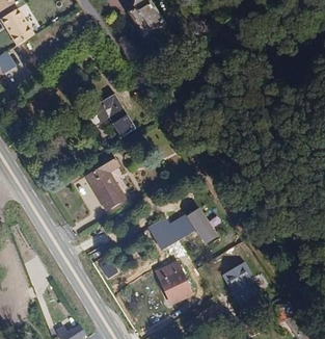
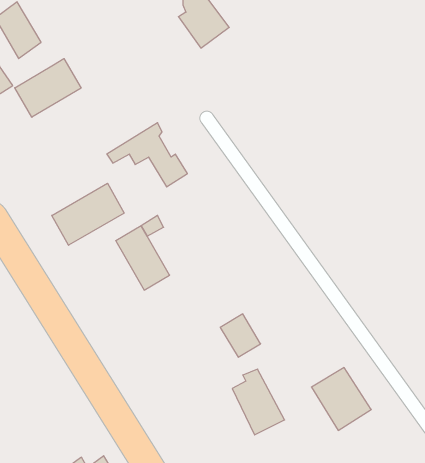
building: none -> [15,59,81,117]
building: none -> [52,183,124,245]
building: [188,208,220,246] -> none

